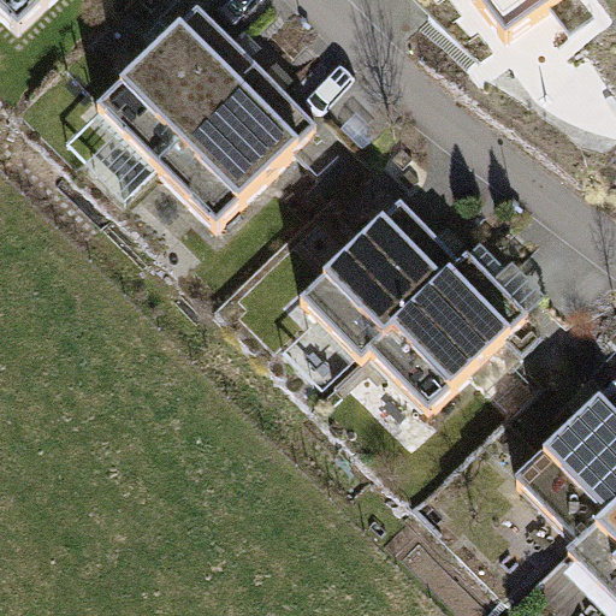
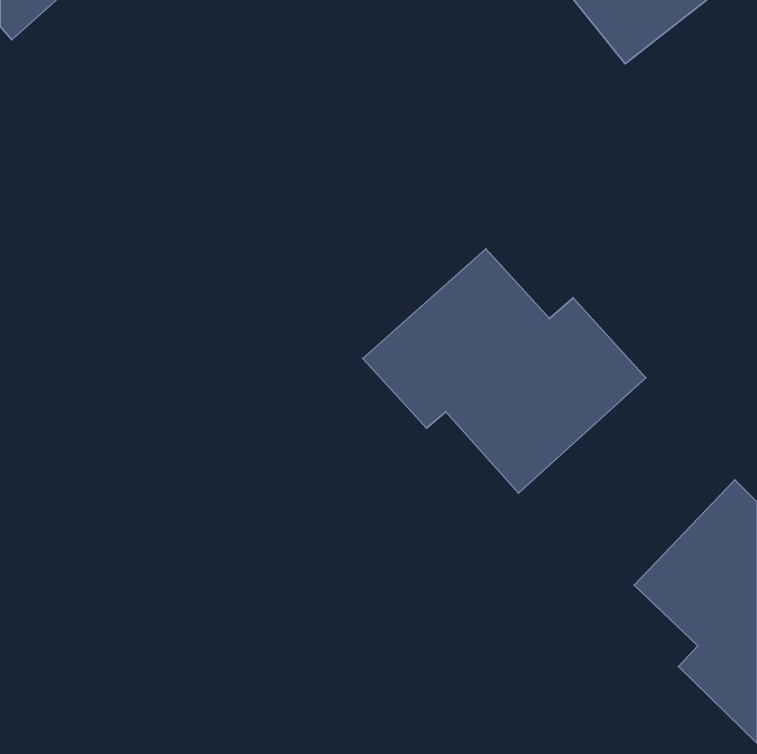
building: [94,11,306,225] -> none

